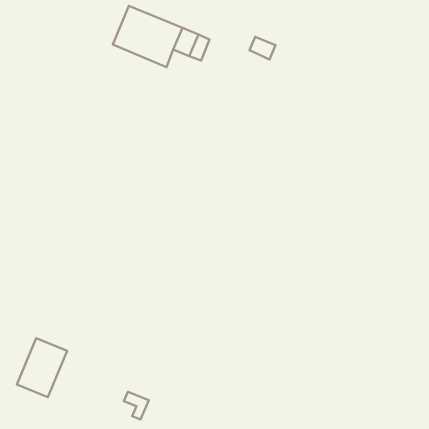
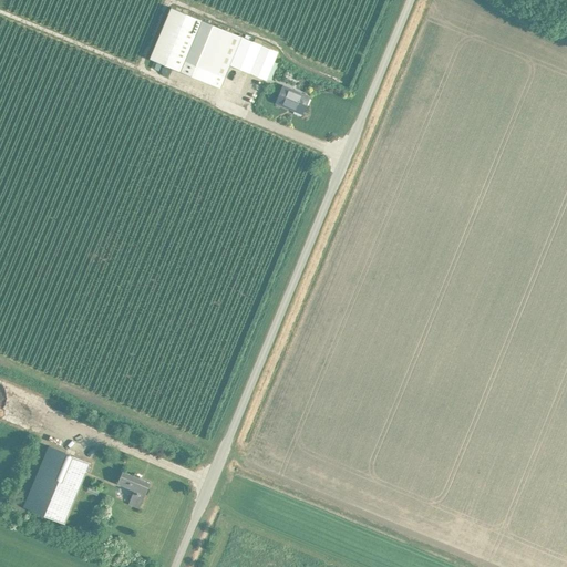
building: [249,37,276,59] -> [274,85,308,115]
building: [124,392,149,420] -> [115,472,148,508]

